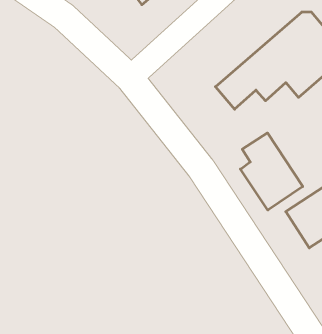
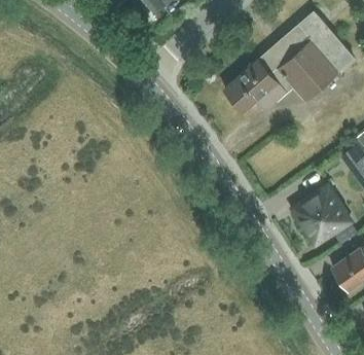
building: [240,133,303,210] -> none

